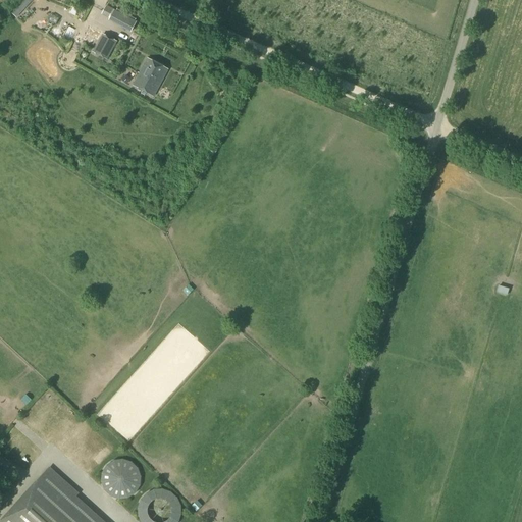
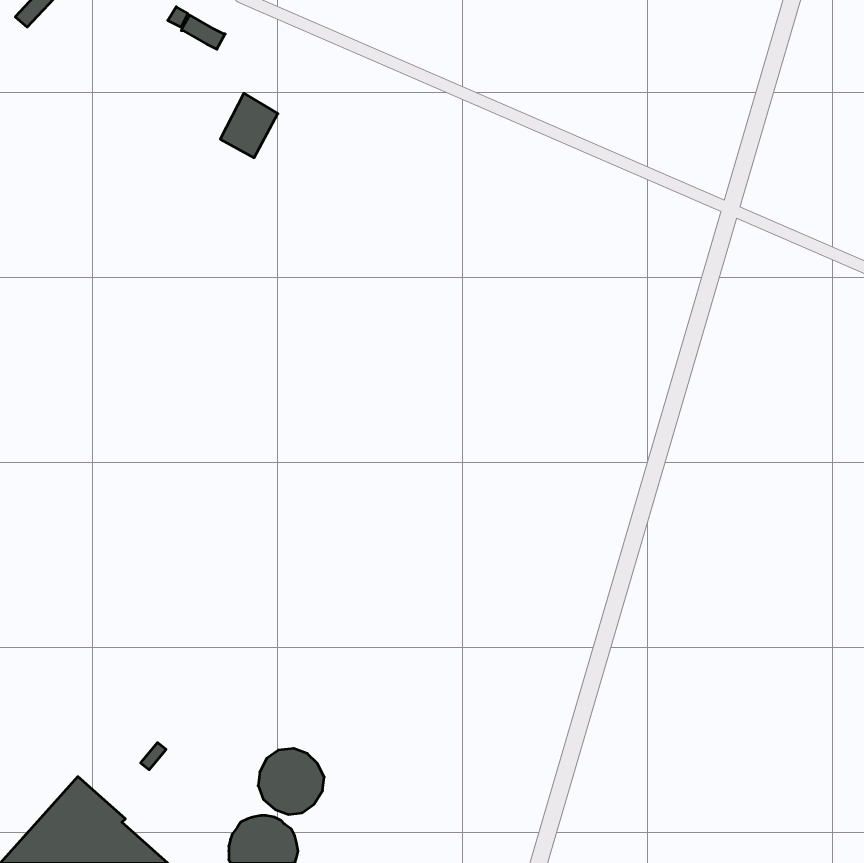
building: [93,32,117,59] -> none
building: [102,458,142,498] -> [258,748,324,814]

